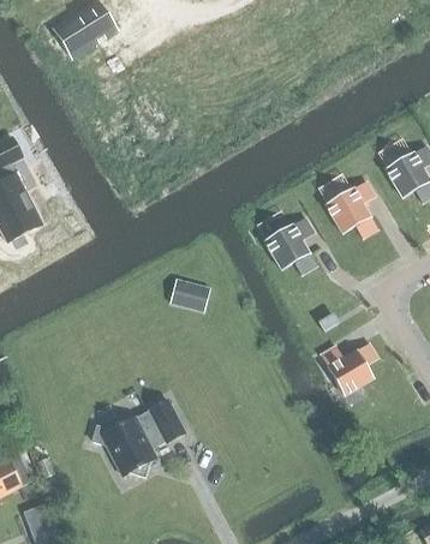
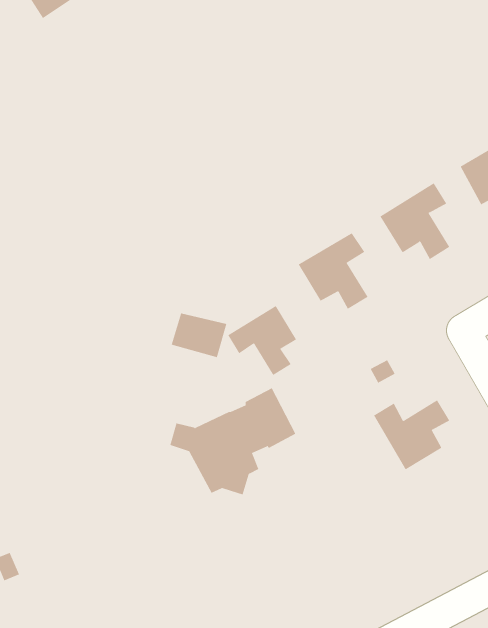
building: none -> [227,305,297,376]
building: [90,397,185,478] -> [169,387,296,495]

